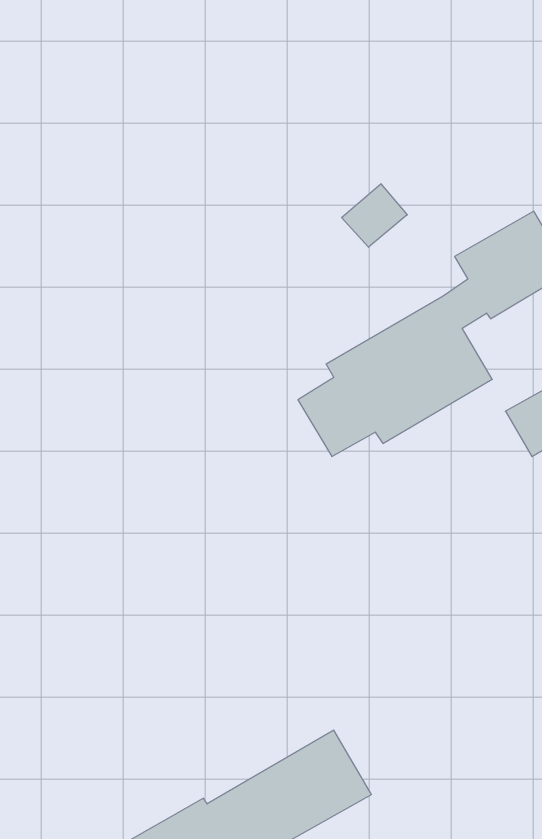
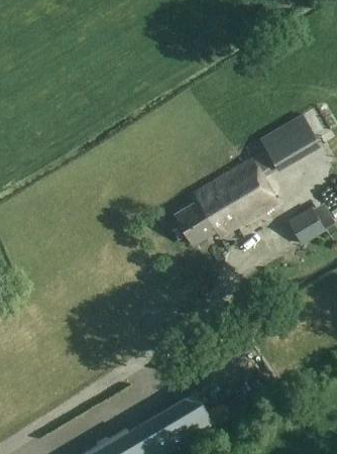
building: [342,184,407,247] -> none

